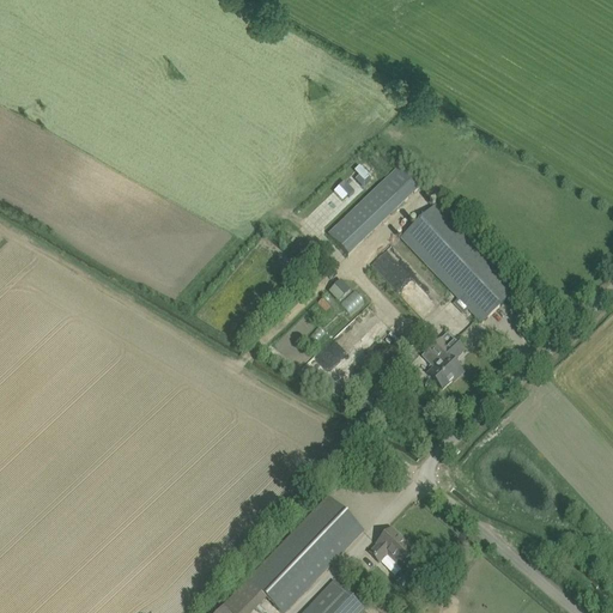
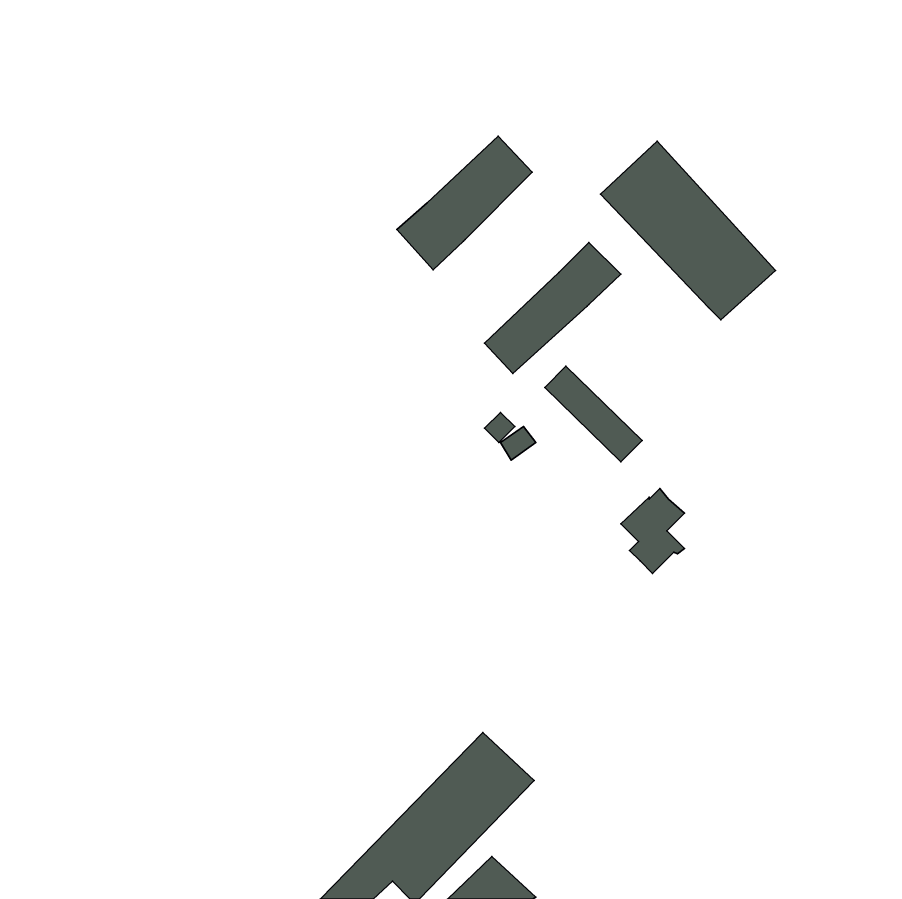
building: none -> [397,136,532,270]
building: [400,200,518,321] -> [601,141,776,320]
building: [369,527,413,564] -> none

